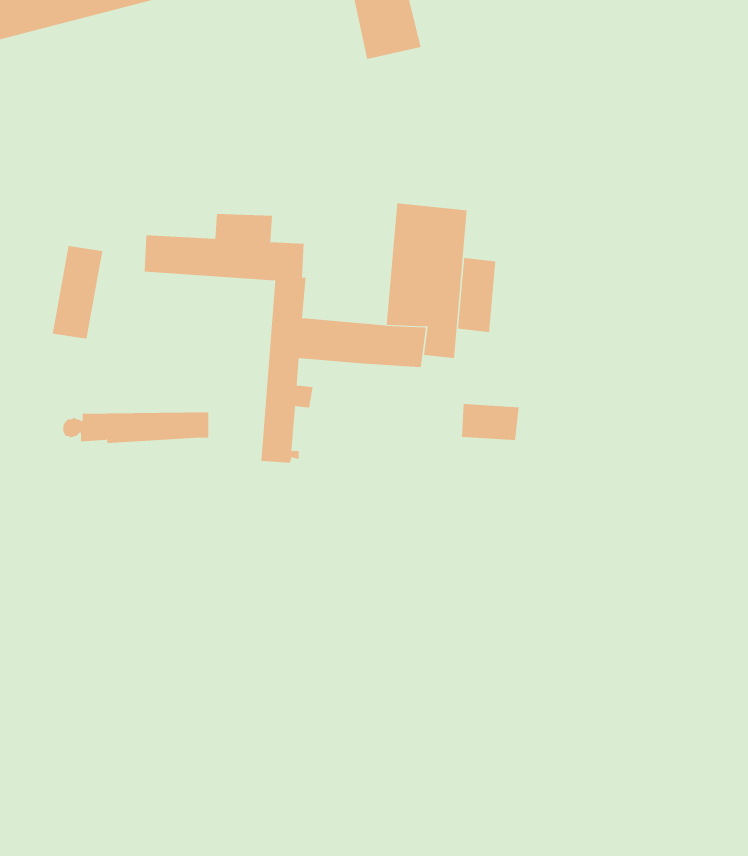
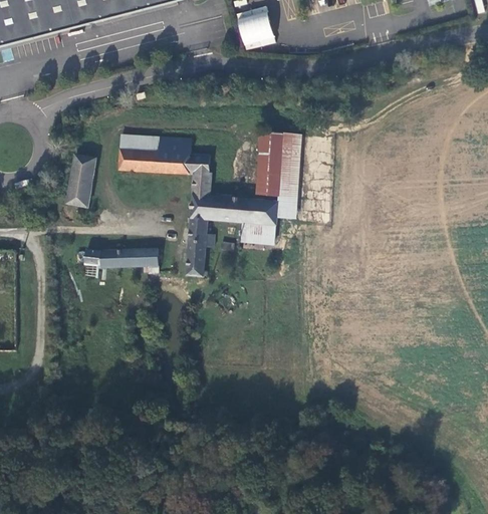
building: none -> [118,134,159,151]
building: [457,257,496,333] -> none
building: [461,404,520,441] -> [241,222,274,243]

